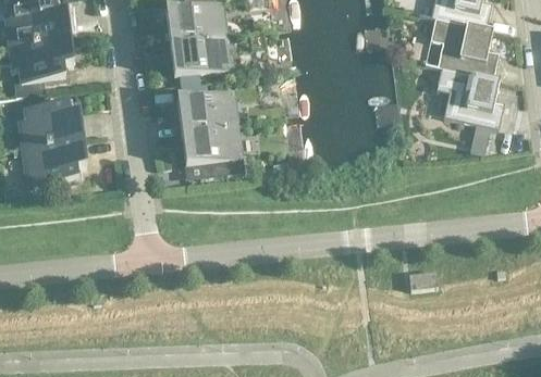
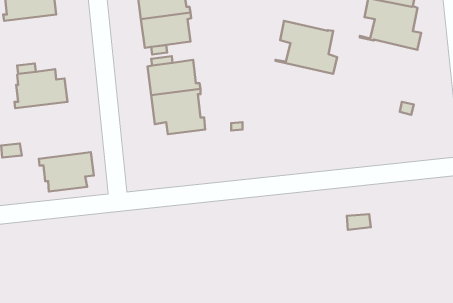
building: [9,33,73,91] -> none
building: [431,62,503,124] -> [276,21,337,74]
building: [22,135,86,180] -> [39,152,94,191]

